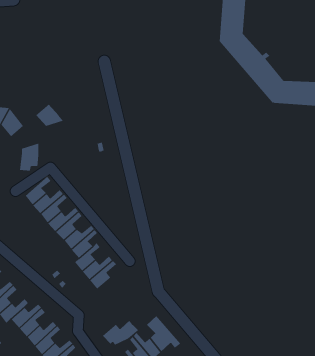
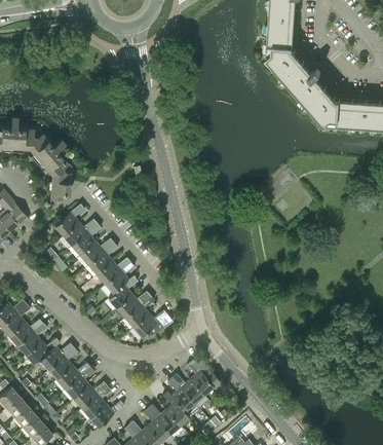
building: [36,104,64,127] -> [39,149,70,174]
building: [102,320,139,345] -> [132,309,173,337]

